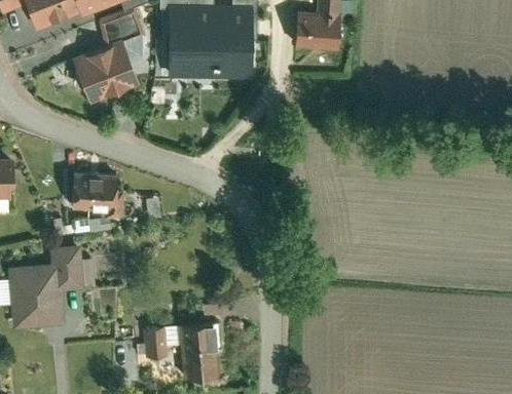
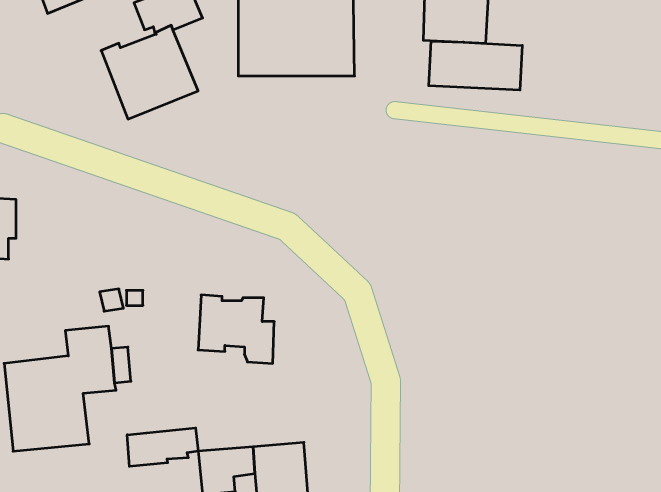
building: none -> [429,41,522,90]
building: [72,172,124,220] -> [198,295,274,363]
building: none -> [127,428,198,466]

